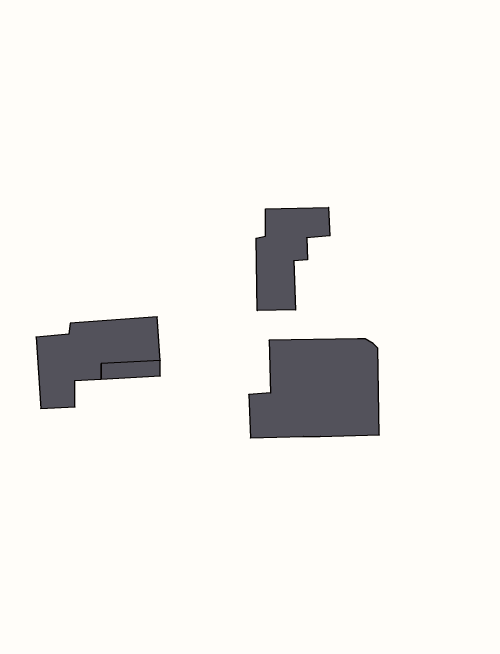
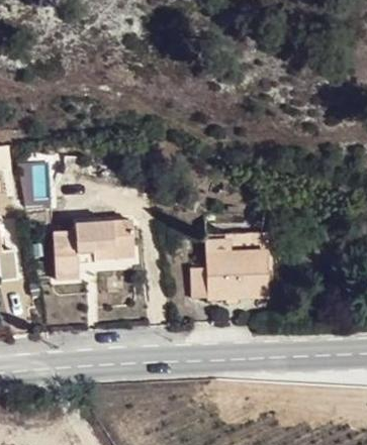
building: [256,207,330,311] -> none

